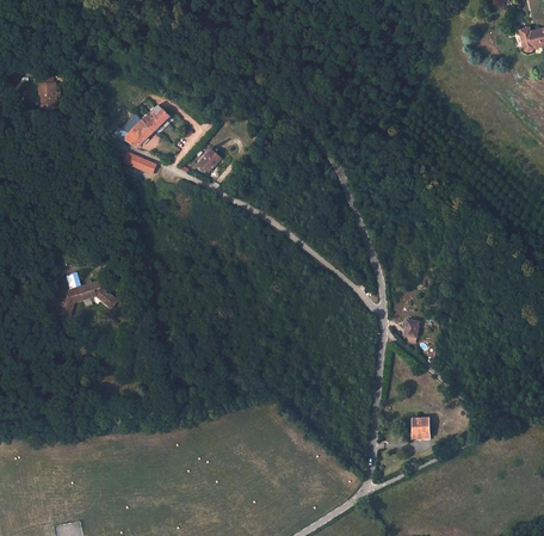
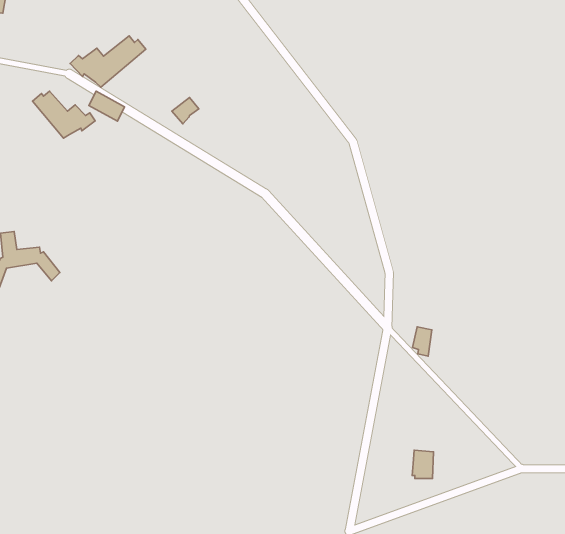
building: none -> [32,91,95,138]

